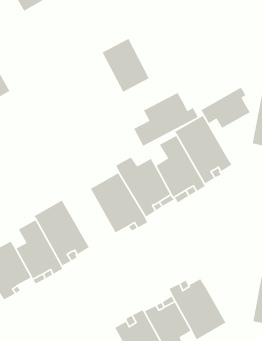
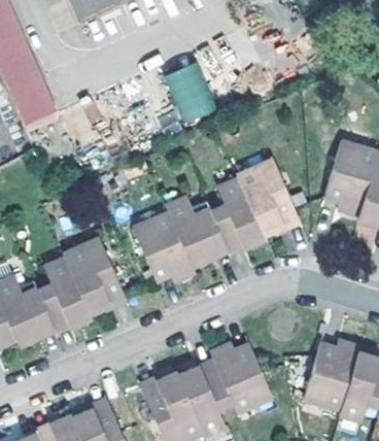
building: [201,87,251,129] -> none
building: [133,91,199,147] -> none

